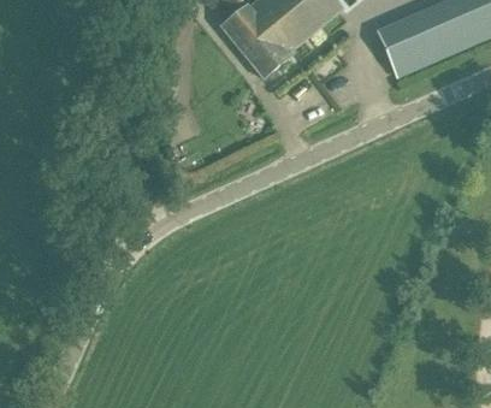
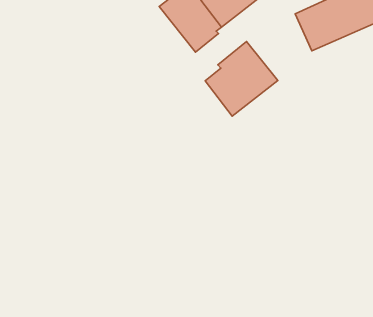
building: none -> [205,41,278,116]

